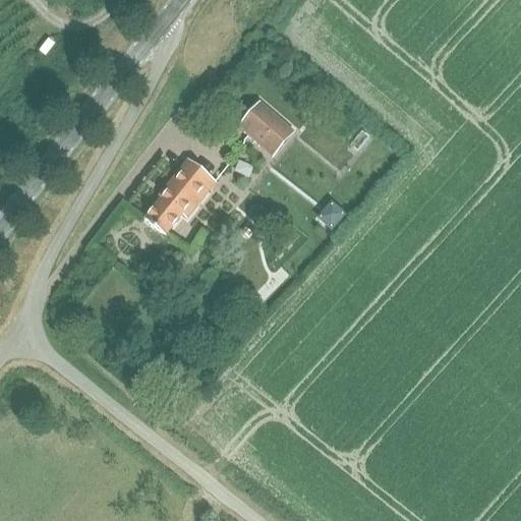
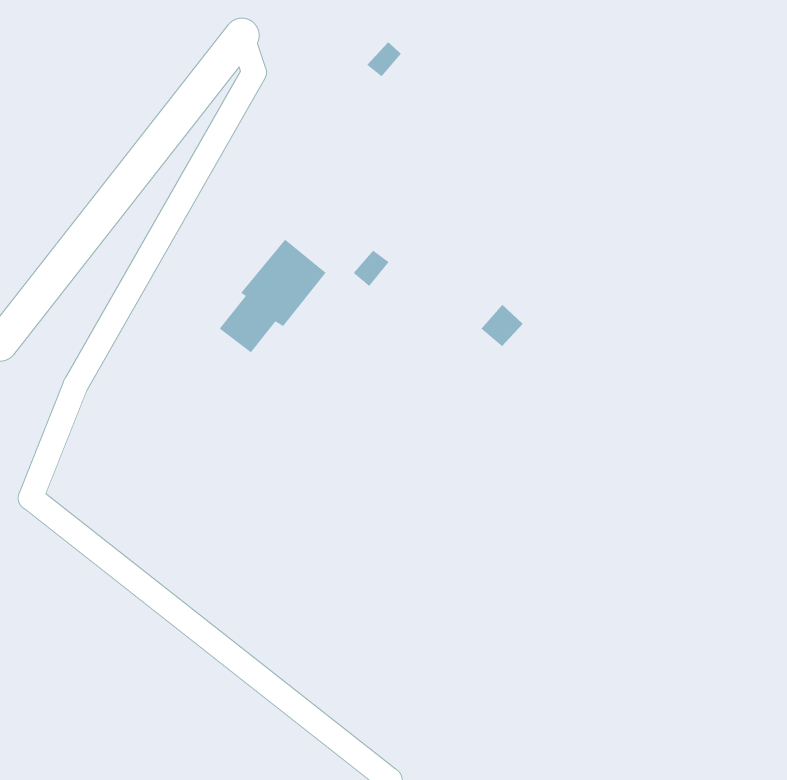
building: [238,100,294,155] -> none

